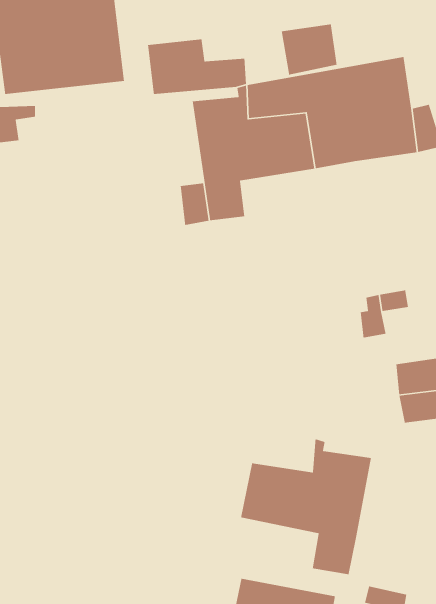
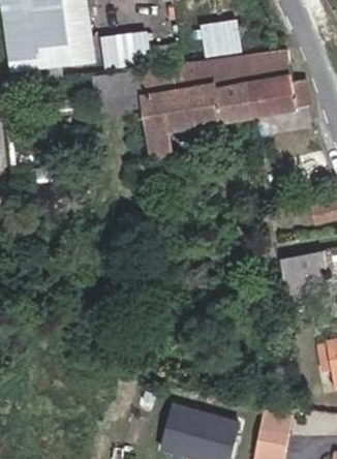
building: [240,438,372,575] -> none

